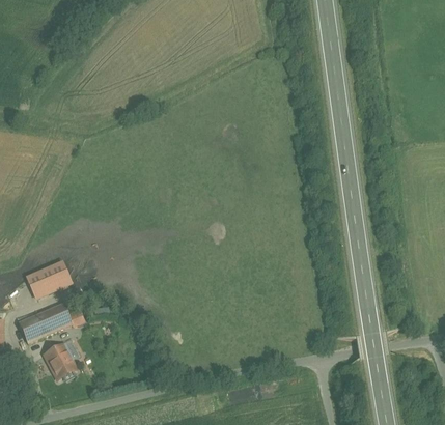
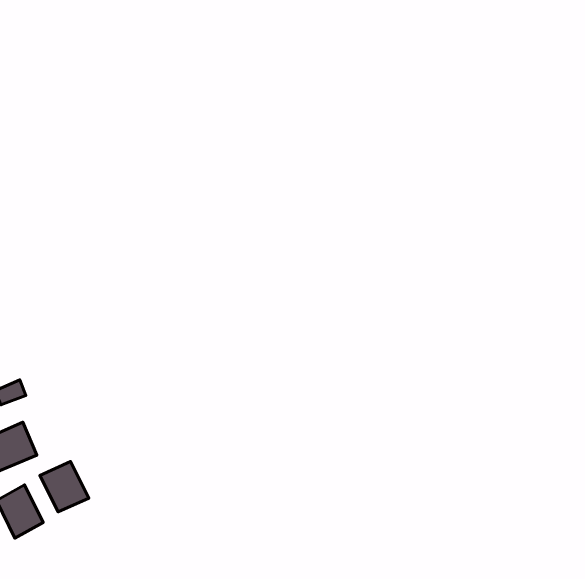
building: none -> [40,462,89,512]

